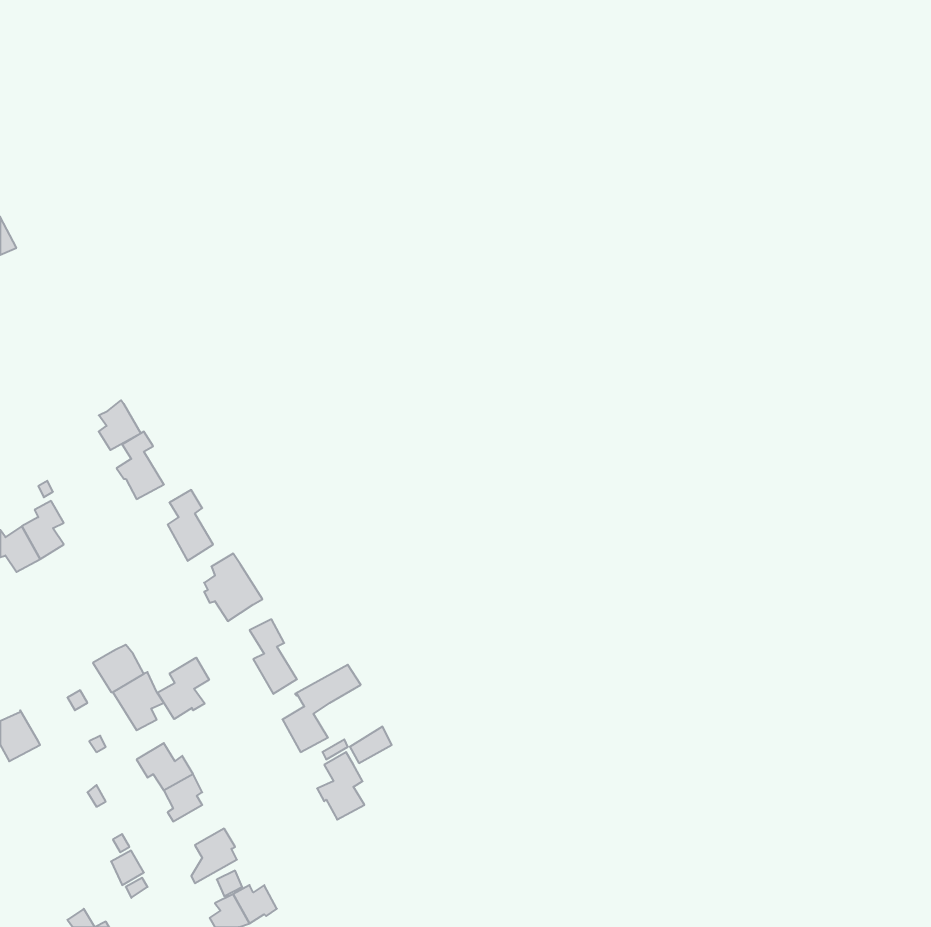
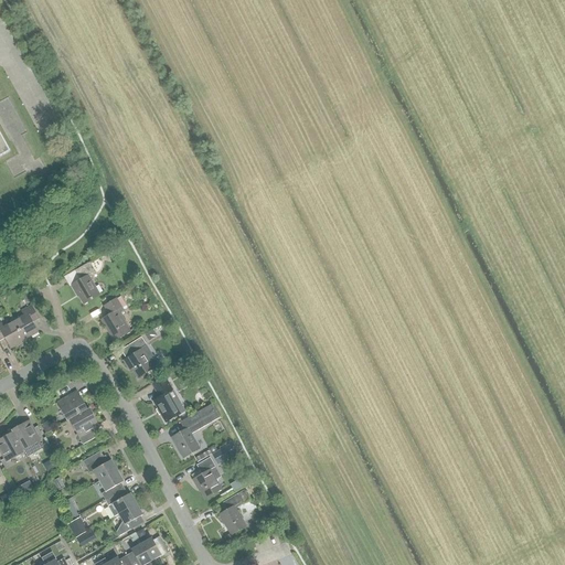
building: [99,400,141,450] -> none
building: [157,658,209,719] -> none
building: none -> [11,418,42,455]
building: none -> [105,488,136,514]
building: none -> [218,489,249,533]

